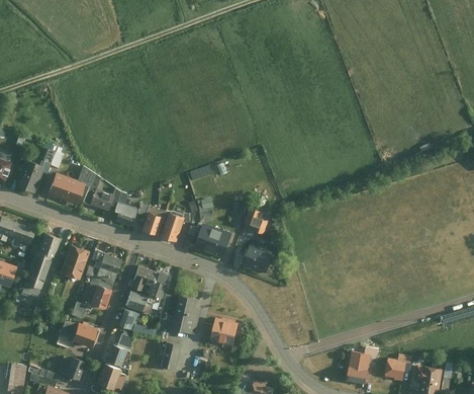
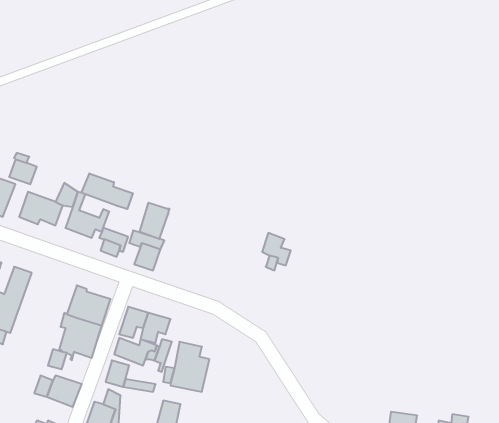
building: none -> [82,173,133,209]
building: [161,213,185,242] -> [140,203,170,239]
building: [193,222,231,257] -> none
building: [243,243,272,271] -> none
building: [59,244,89,280] -> none
building: [209,316,239,344] -> none

